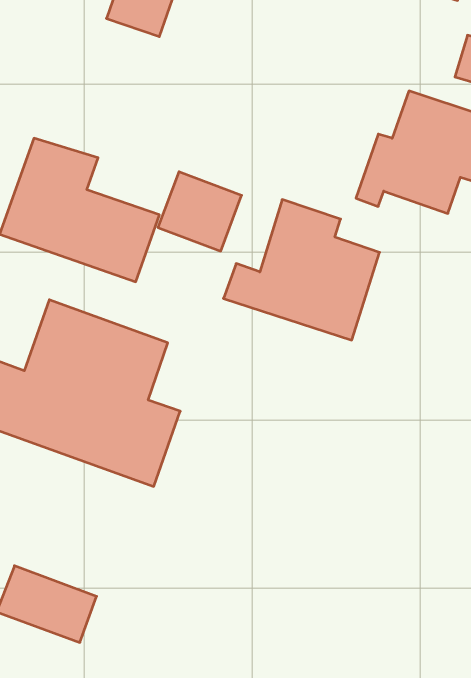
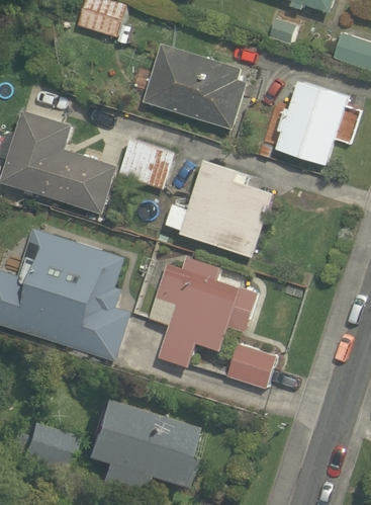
building: none -> [143,48,250,131]
building: none -> [138,247,281,393]
building: none -> [85,404,192,495]

